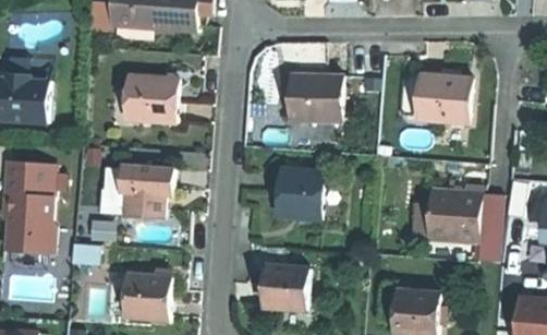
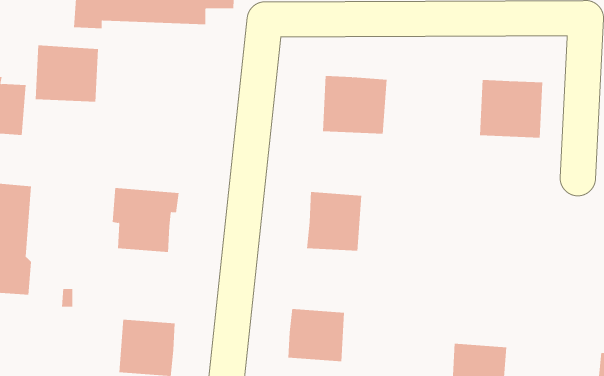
building: [122,73,174,120] -> [35,45,99,102]
building: [427,184,502,260] -> none

